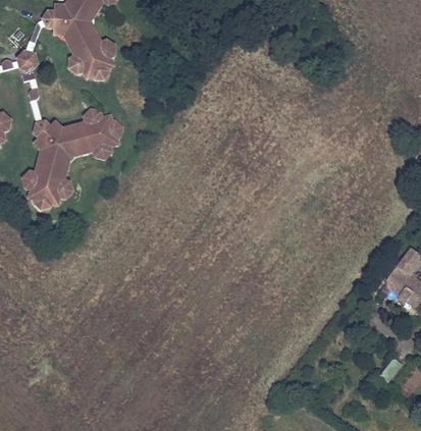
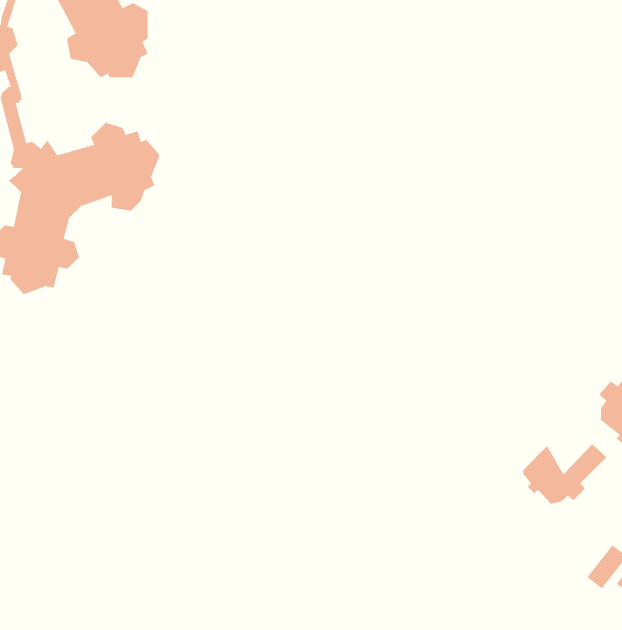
building: none -> [523,444,607,504]

